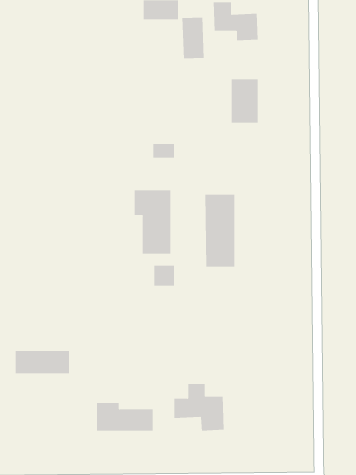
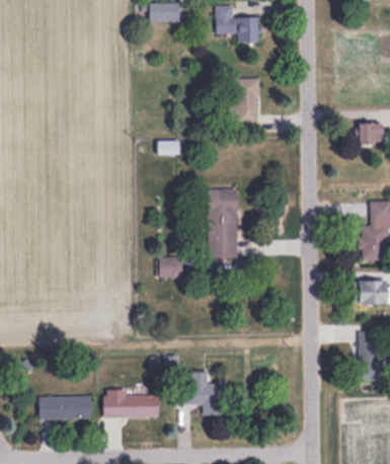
building: [182,17,204,59] -> none
building: [134,190,171,254] -> none
building: [15,351,70,374] -> [38,396,91,418]

